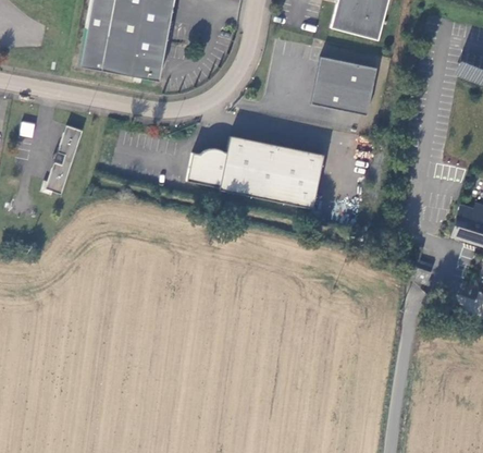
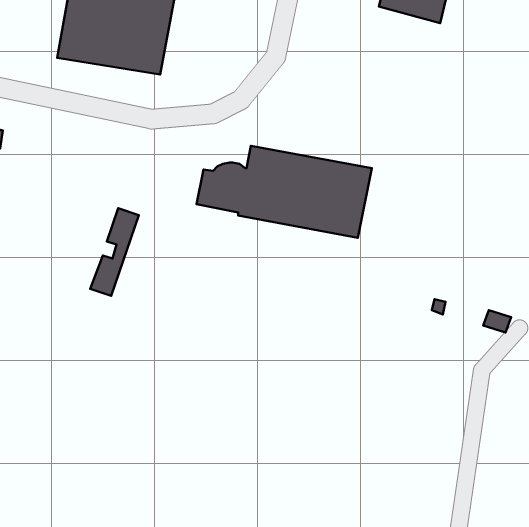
building: [310,54,375,113] -> none
building: [46,124,84,193] -> [90,208,139,296]

